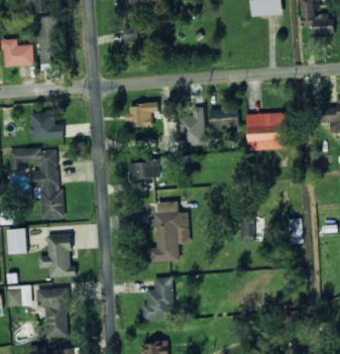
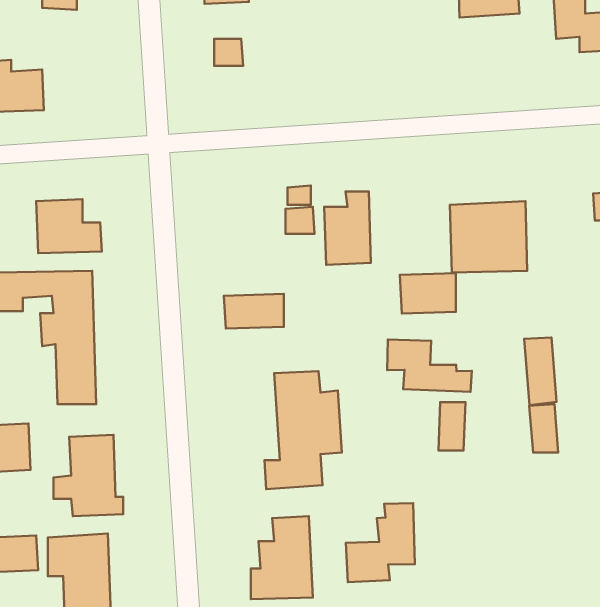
building: [38,16,59,64] -> none
building: [127,103,157,127] -> none
building: [209,107,238,128] -> [400,273,456,314]
building: none -> [524,338,556,405]
building: none -> [387,340,472,392]
building: none -> [346,503,415,582]

